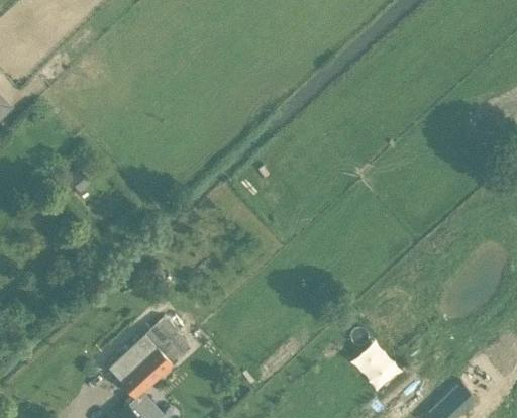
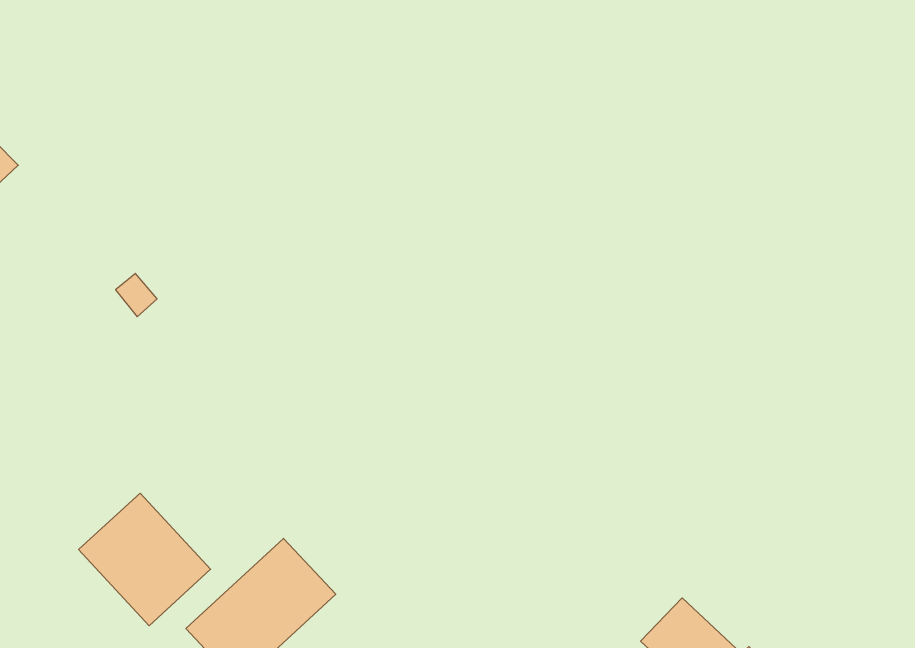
building: none -> [79,493,211,626]

